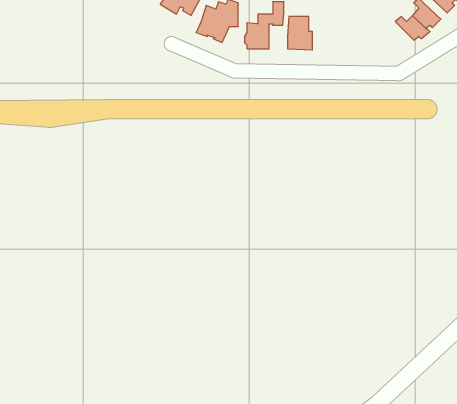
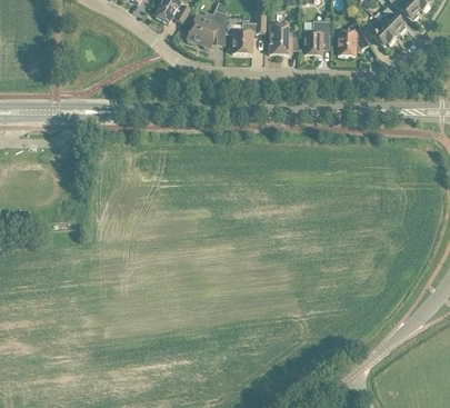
building: none -> [303,21,330,54]
building: none -> [338,21,370,56]

